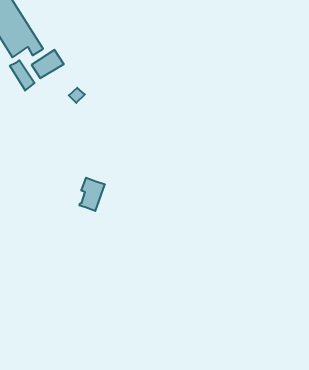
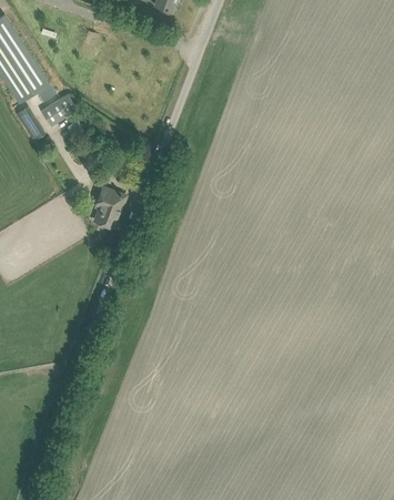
building: [79,178,105,211] -> [94,187,124,226]

